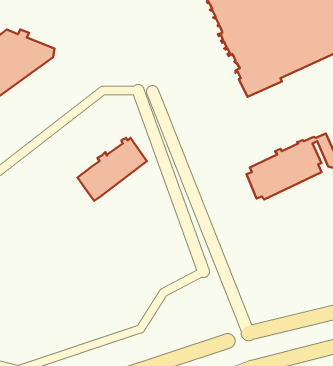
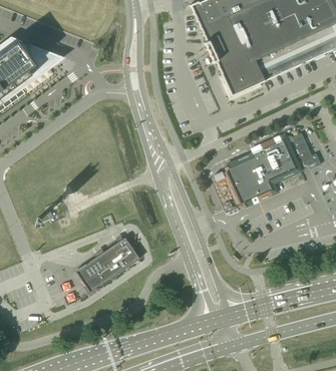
building: [77,138,147,201] -> [69,240,132,297]

